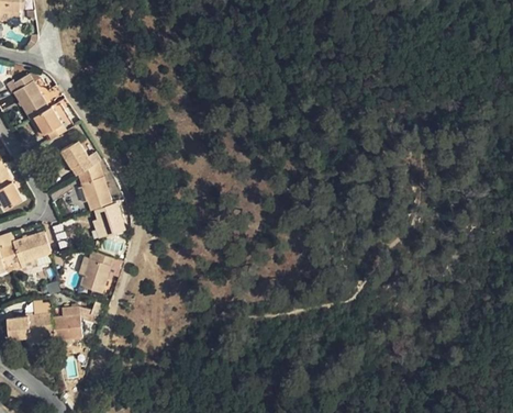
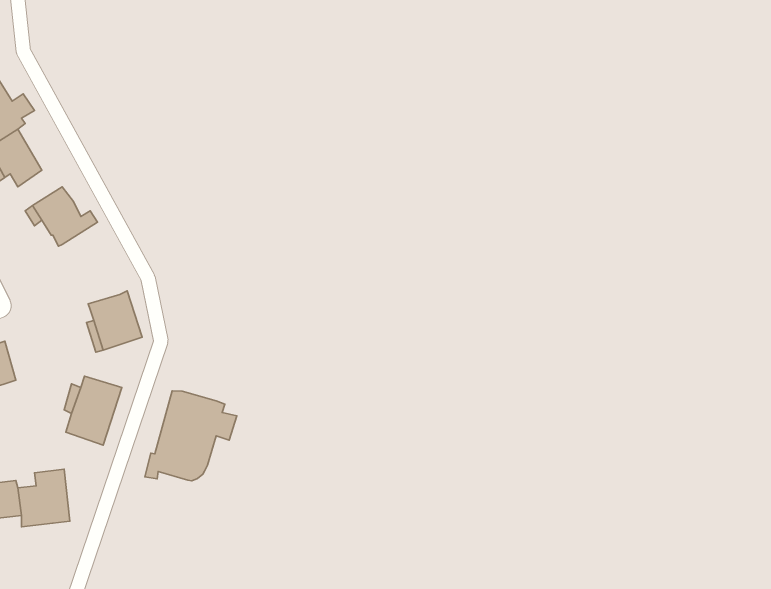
building: [78,160,112,210] -> none
building: none -> [145,391,237,481]

